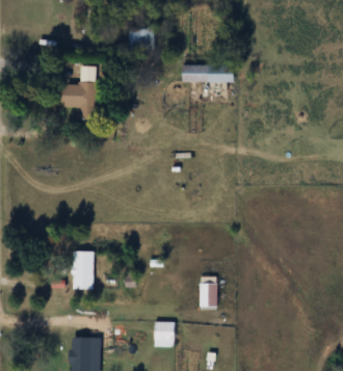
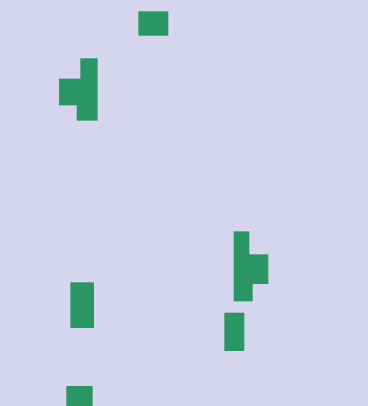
building: [183,64,234,81] -> none
building: none -> [233,231,269,302]
building: [154,321,175,346] -> none

